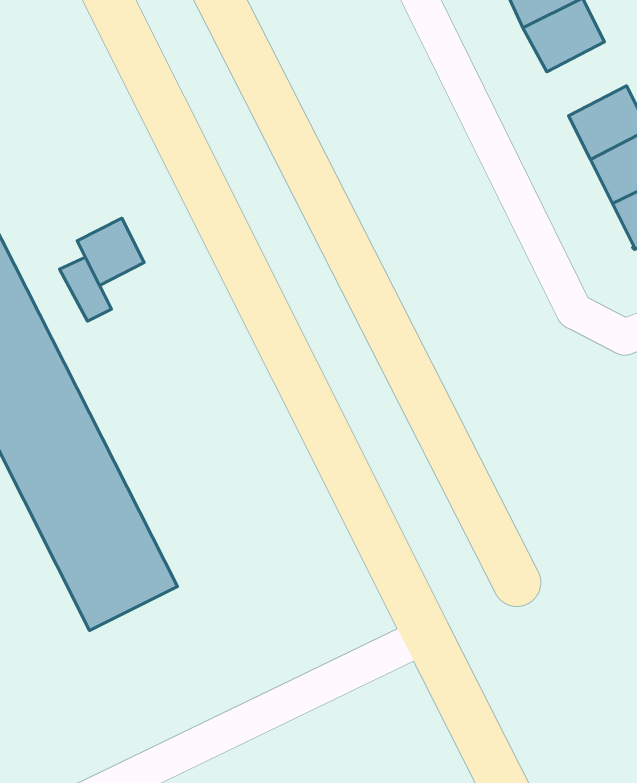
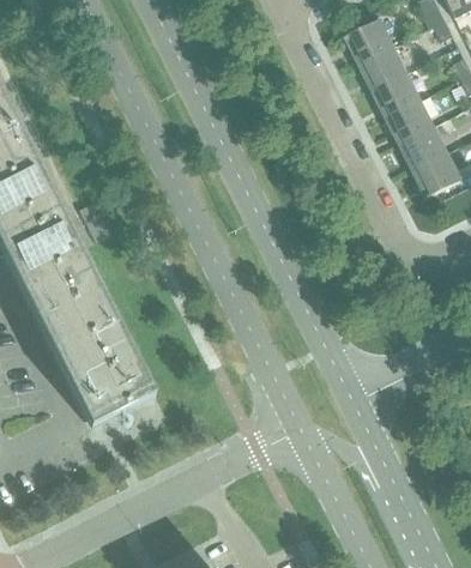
building: none -> [372,71,419,115]
building: [77,218,144,285] -> none

